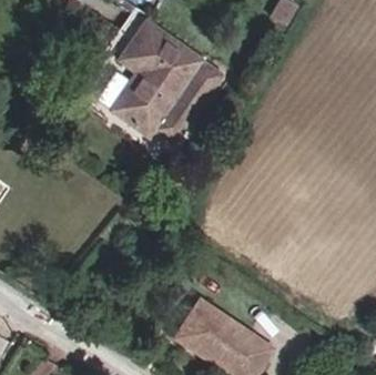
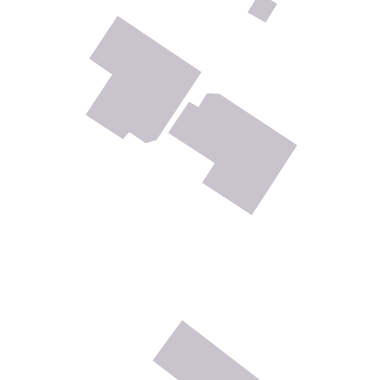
building: none -> [167,93,298,216]

